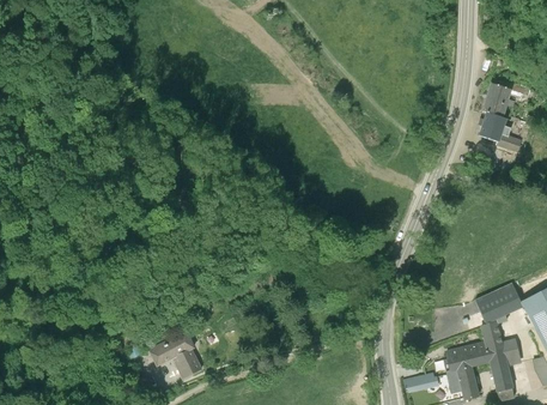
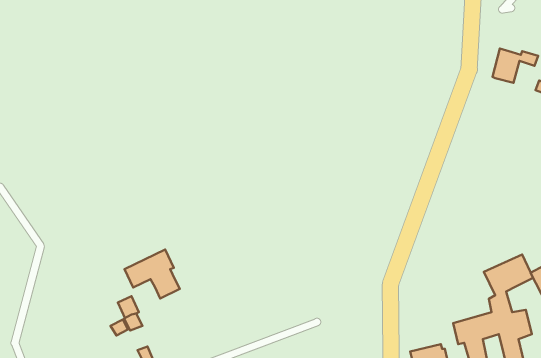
building: [479,111,522,152] -> none
building: [147,330,201,377] -> [125,250,180,299]

